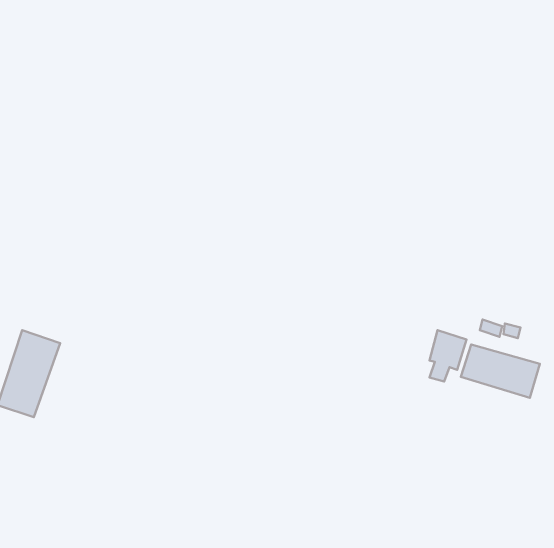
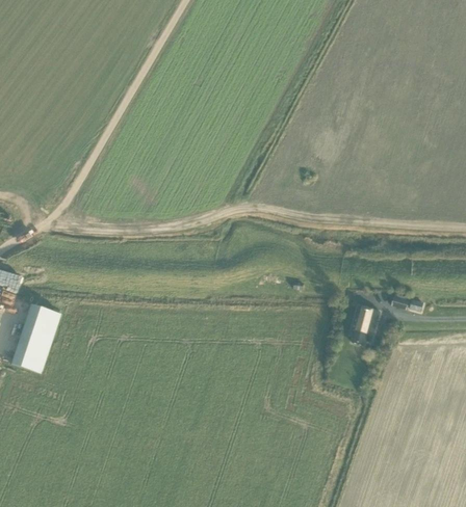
building: [461,345,540,398] -> none

